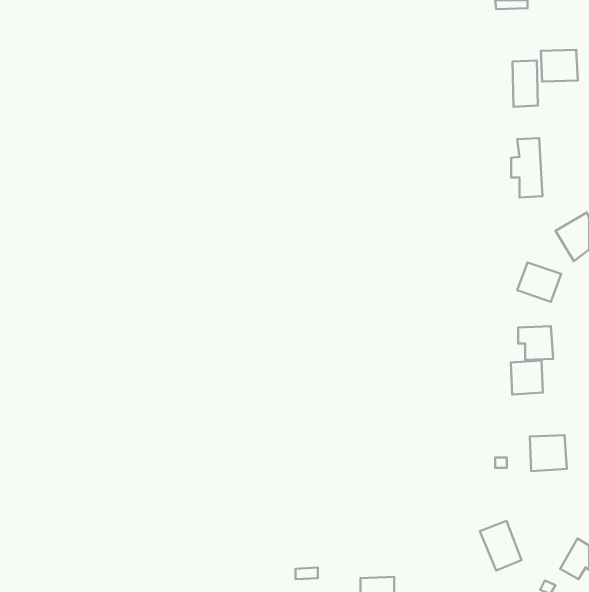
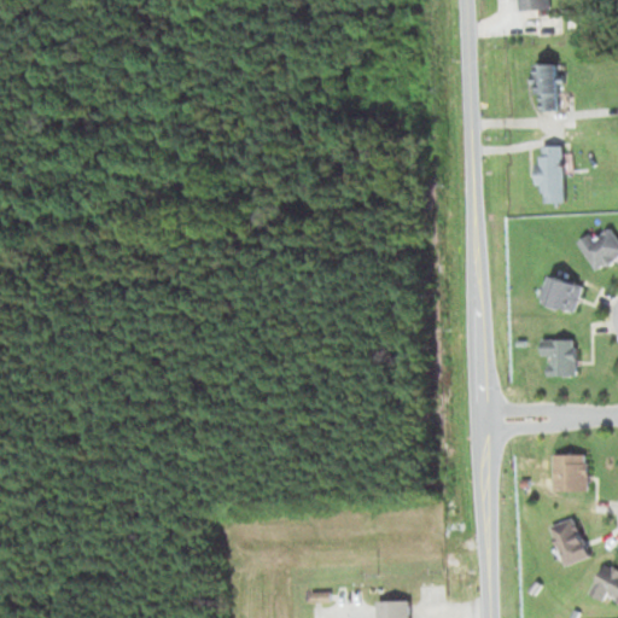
building: [541,50,578,81] -> none
building: [511,360,543,395] -> none
building: [480,521,522,571] -> [547,515,590,567]

